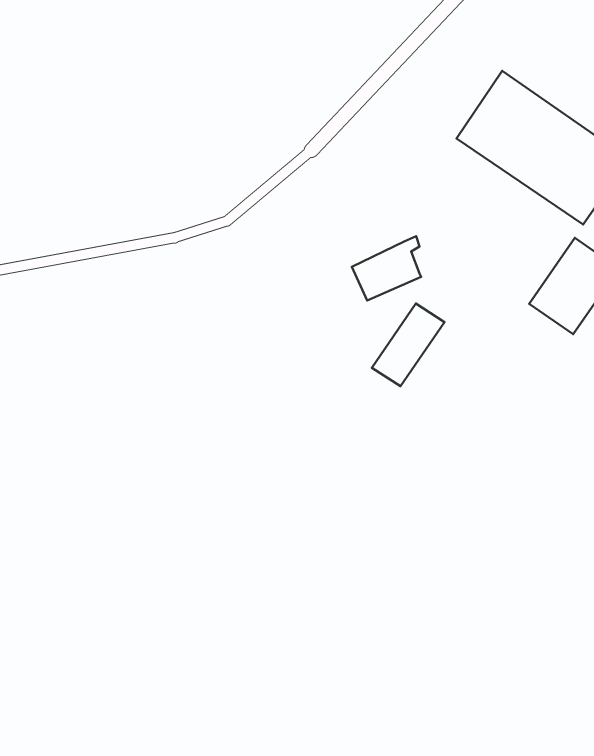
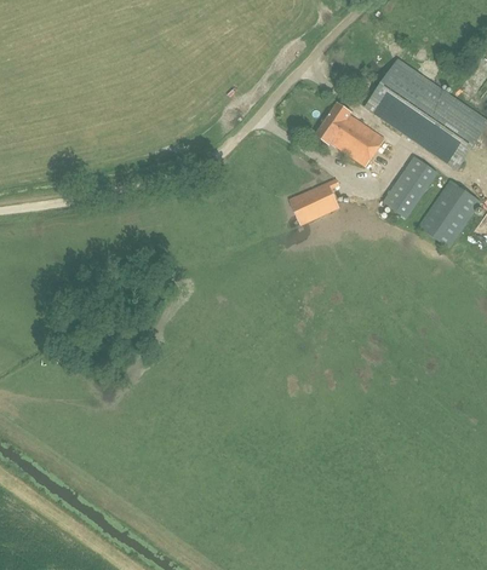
building: none -> [315,102,384,165]
building: [372,304,444,386] -> [385,157,437,217]

